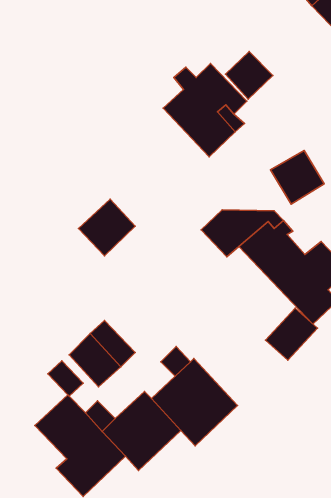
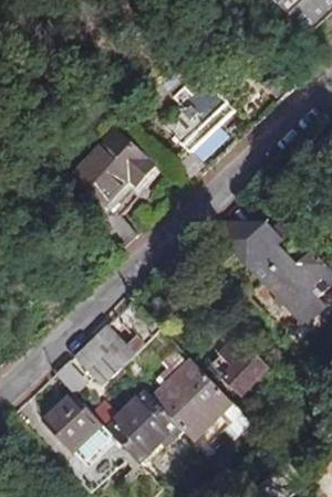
building: [226,51,273,99] -> none
building: none -> [69,128,153,205]
building: [270,151,324,204] -> none
building: [266,308,317,360] -> [221,348,270,396]

